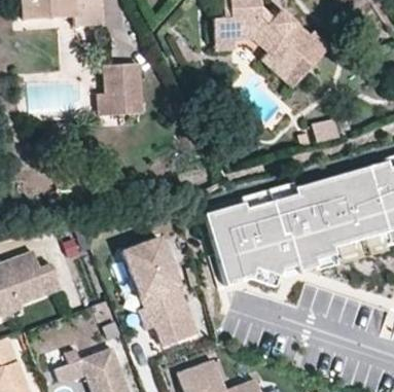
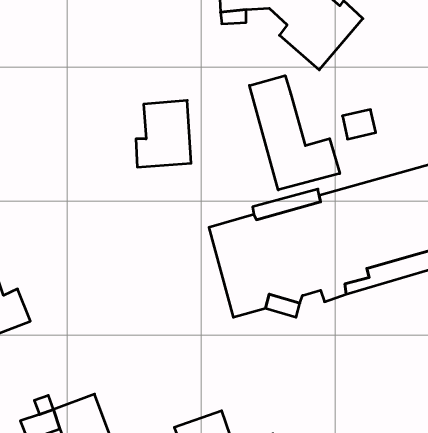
building: [98,62,142,115] -> [136,100,191,167]
building: none -> [249,76,340,190]
building: [123,237,196,346] -> none

